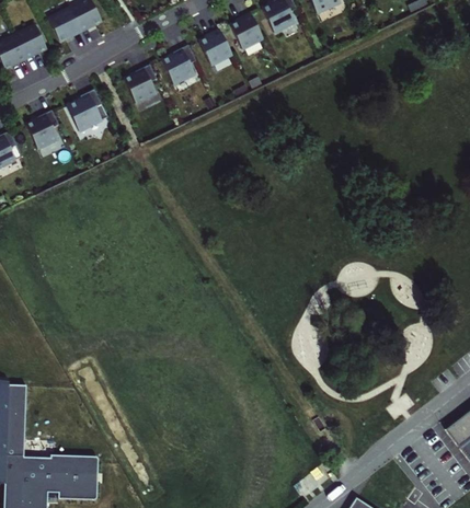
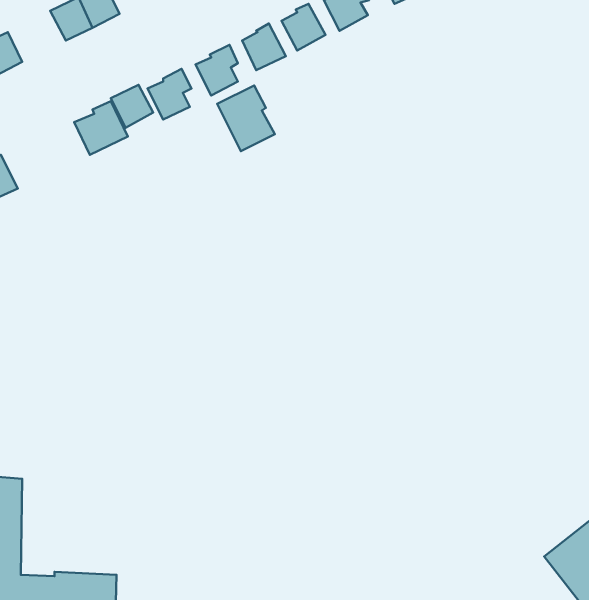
building: [15,24,47,58] -> none
building: none -> [111,85,153,128]
building: none -> [217,85,275,151]
building: [26,109,59,149] -> none

